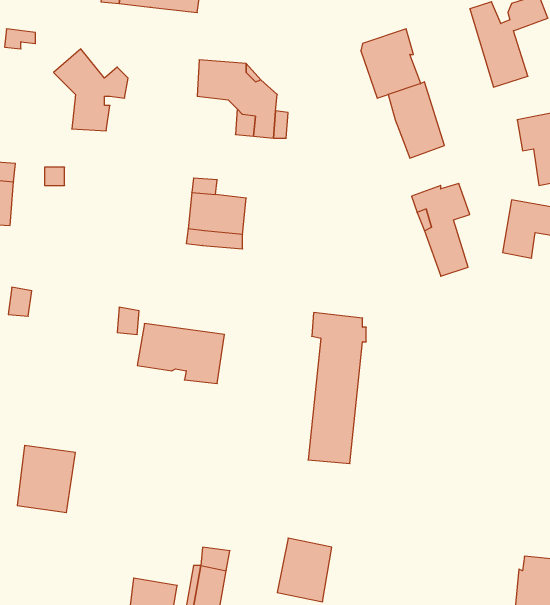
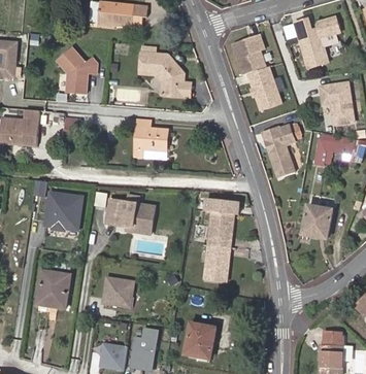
building: none -> [46,193,82,230]
building: none -> [301,204,333,239]
building: none -> [98,270,131,304]

